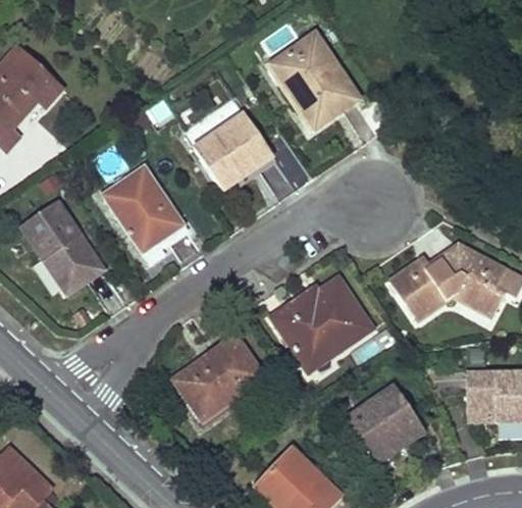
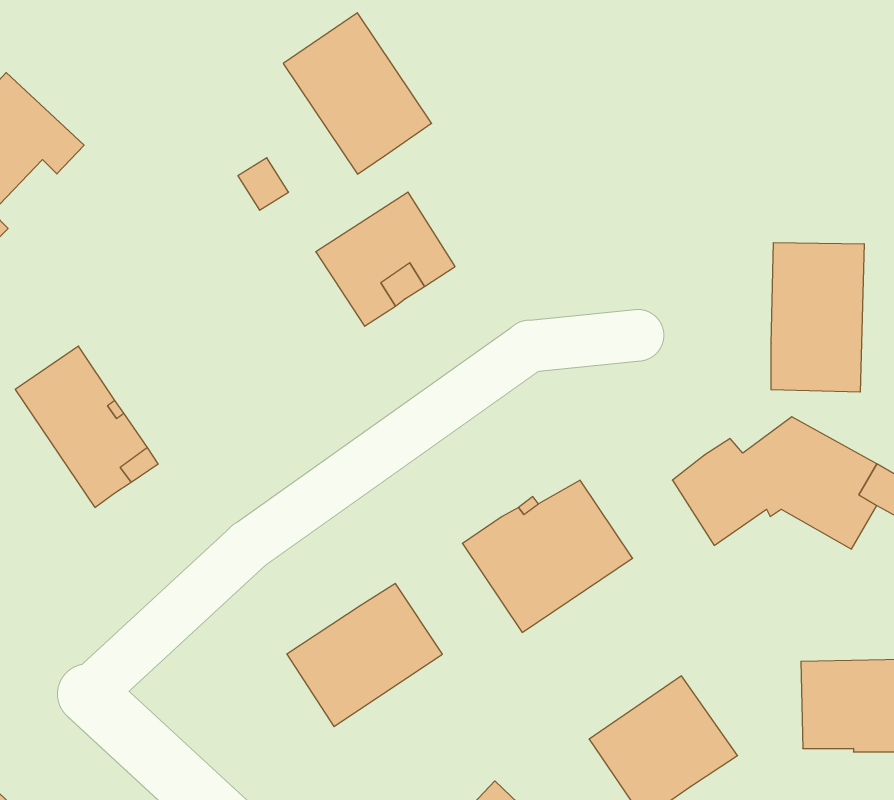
building: [273,35,357,125] -> [283,13,432,174]
building: none -> [771,243,864,392]
building: [103,164,184,262] -> none

